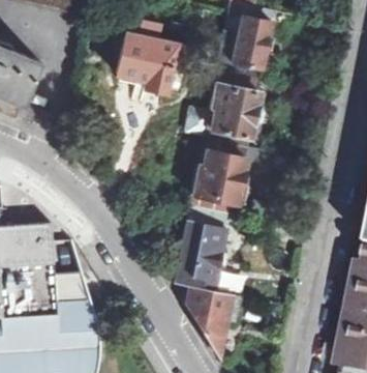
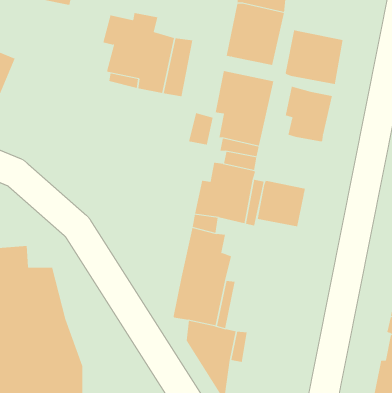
building: none -> [285,30,343,85]
building: none -> [285,86,333,142]
building: none -> [257,180,305,227]

